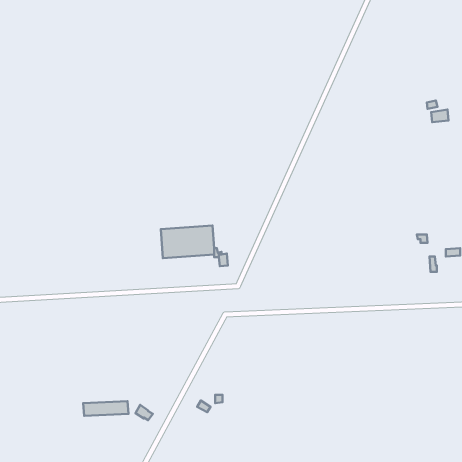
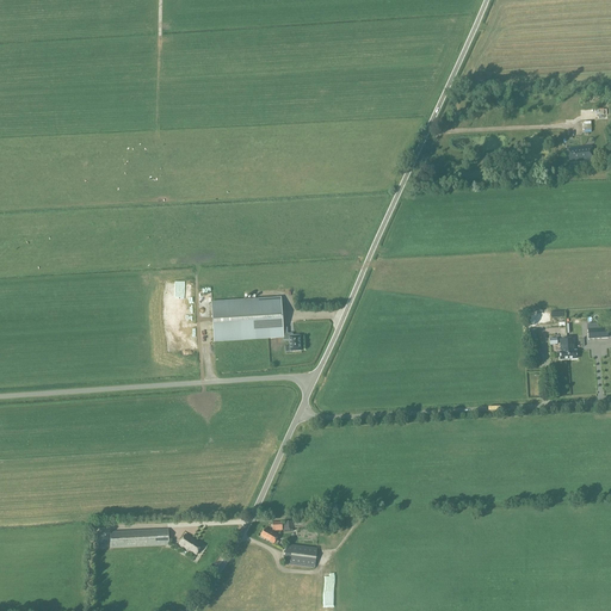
building: none -> [284,543,317,568]

